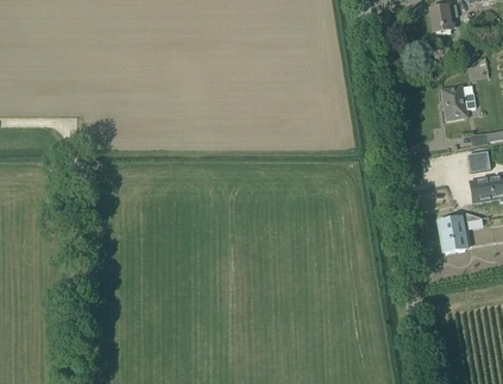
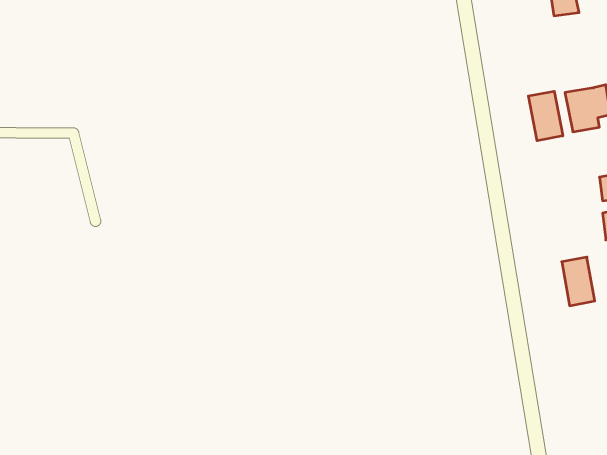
building: none -> [528,91,563,141]

